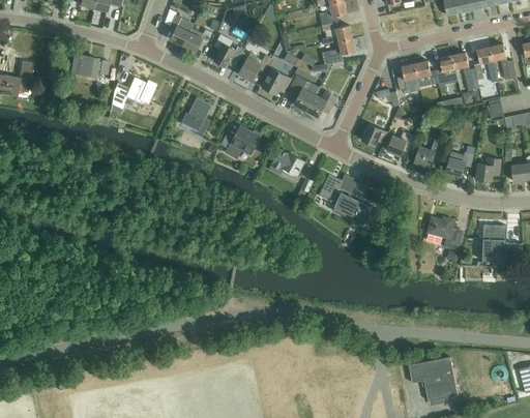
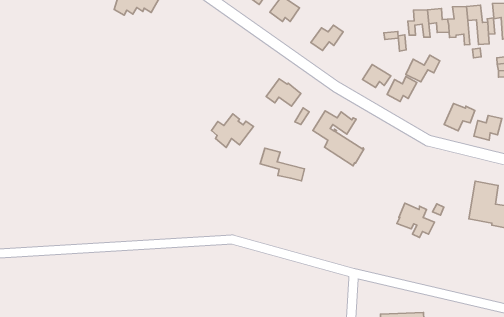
building: [289,76,319,111] -> none
building: [182,98,211,137] -> none
building: [222,125,262,158] -> [211,114,254,147]
building: [414,140,445,167] -> [406,55,440,82]
building: [426,217,463,248] -> [397,203,434,237]
building: none -> [260,148,305,181]

